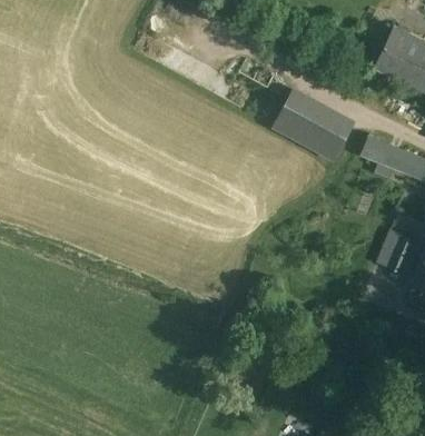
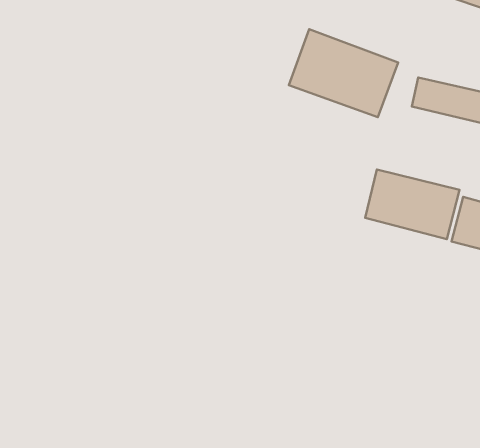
building: none -> [365,170,460,239]

